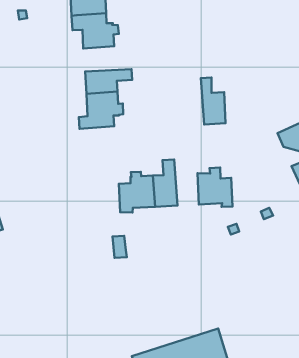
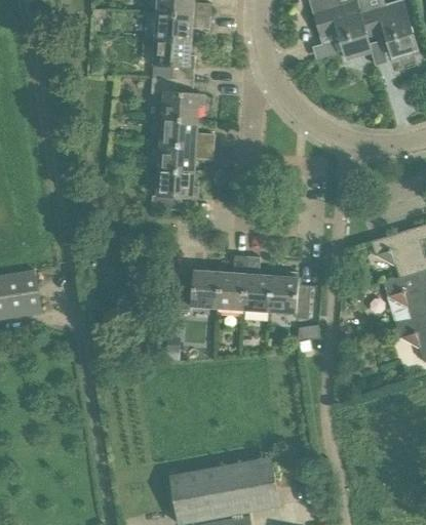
building: none -> [160,116,215,147]
building: [201,78,226,124] -> [245,256,273,312]

